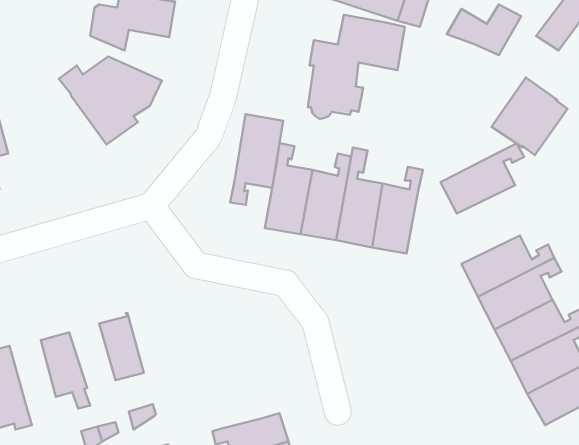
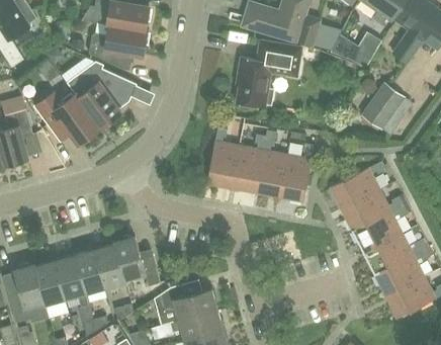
building: none -> [33,90,99,143]
building: [230,114,283,205] -> none
building: [440,143,524,214] -> [329,161,385,208]
building: none -> [113,235,160,285]
building: none -> [74,249,105,292]
building: none -> [33,260,65,305]
building: none -> [153,284,216,325]

